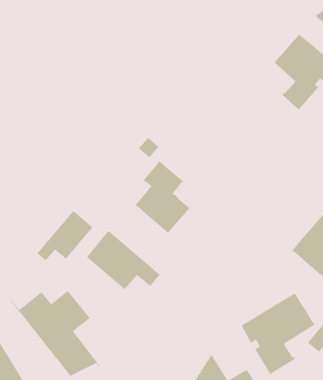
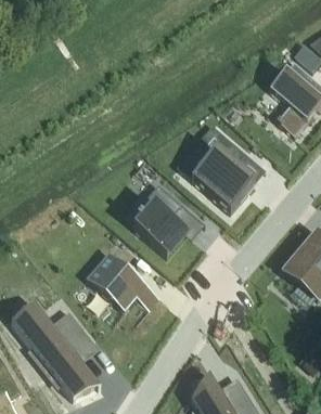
building: none -> [190,135,253,210]
building: [37,210,93,261] -> none
building: [241,293,315,375] -> none

